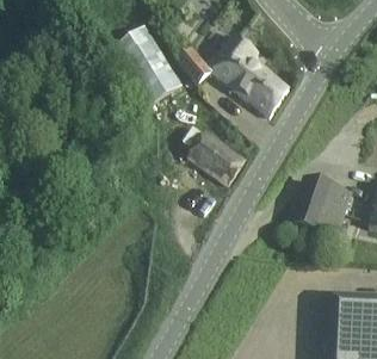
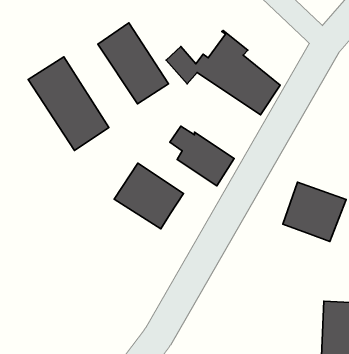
building: none -> [28,57,109,150]
building: none -> [114,163,184,229]

